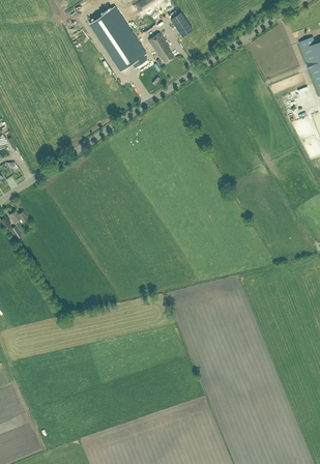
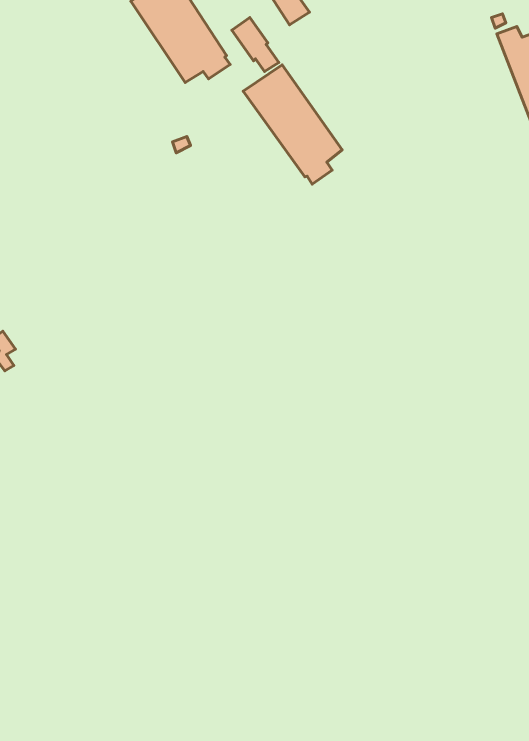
building: none -> [243,65,342,184]

